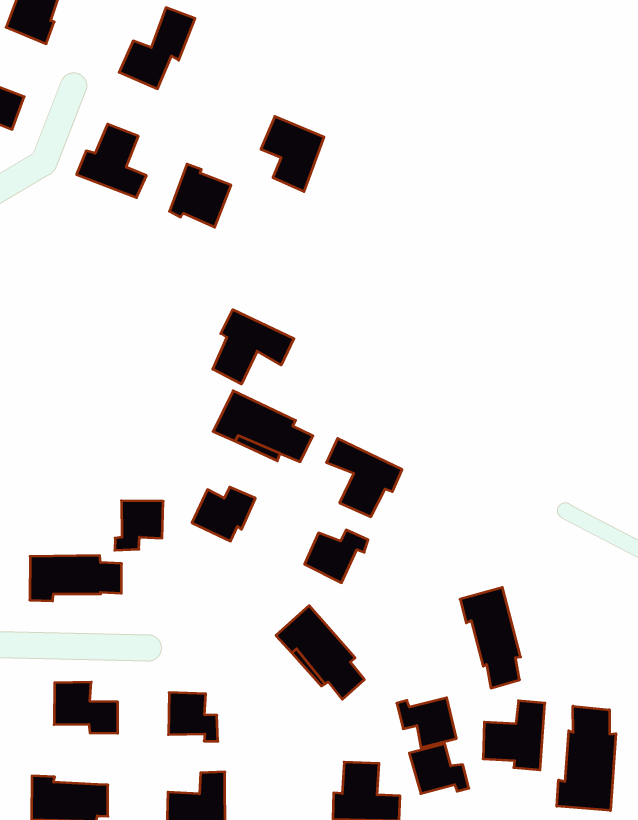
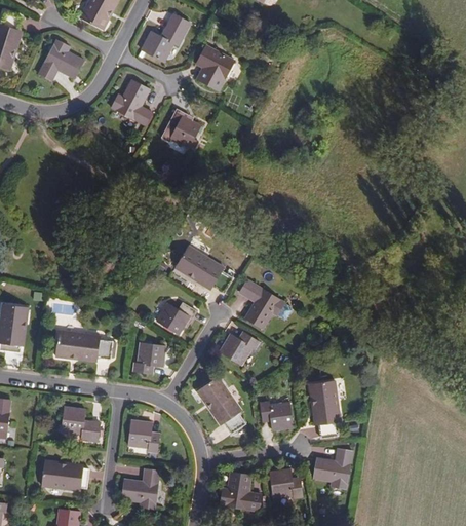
building: [261,116,324,192] -> [197,45,235,91]
building: [213,310,294,384] -> none
building: [115,501,163,550] -> [133,341,165,371]
building: [397,698,456,748] -> [260,401,293,429]
building: [557,706,616,811] -> none

